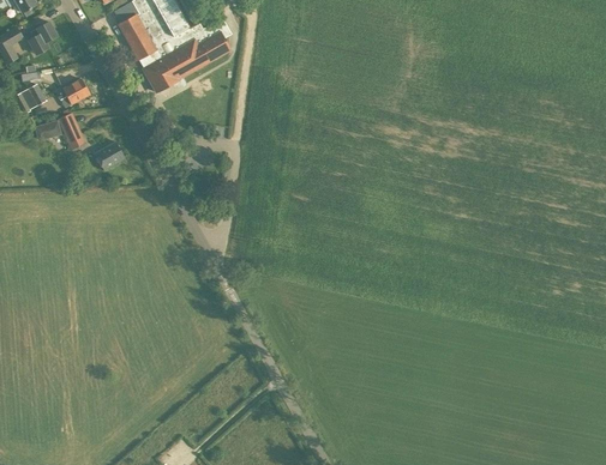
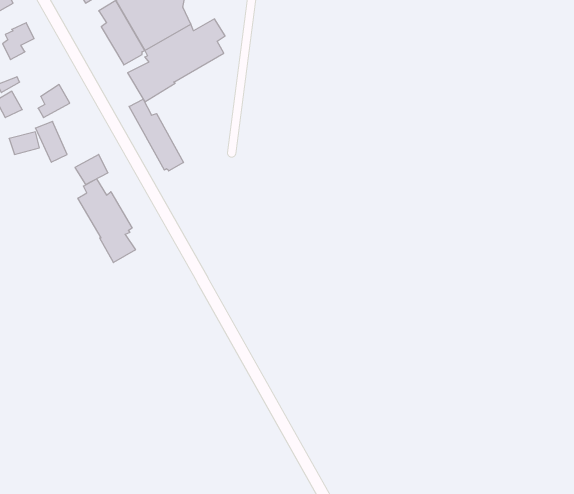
building: none -> [129,99,183,171]
building: none -> [78,179,135,263]

